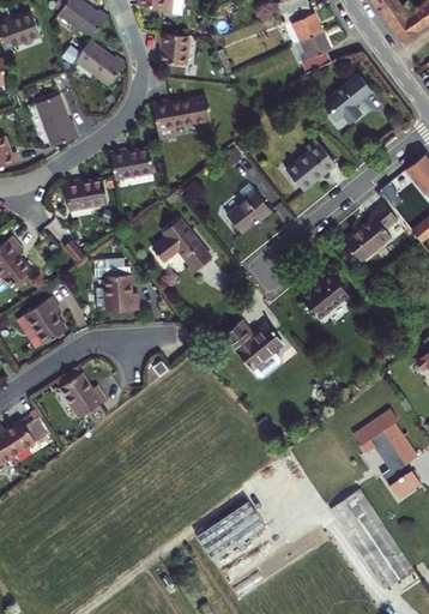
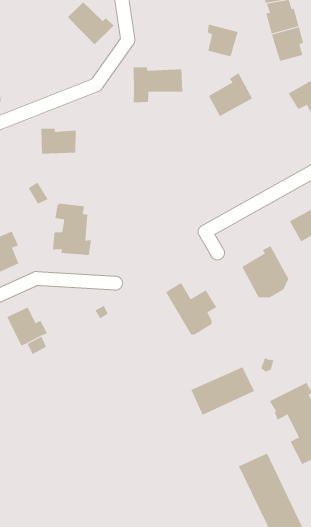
building: [156,34,189,65] -> [207,24,239,57]
building: [36,94,79,145] -> none
building: [286,139,334,189] -> [208,72,253,117]
building: [109,149,153,179] -> none
building: [226,189,272,233] -> none
building: [152,219,211,273] -> none
building: [197,501,265,560] -> [190,367,255,416]

